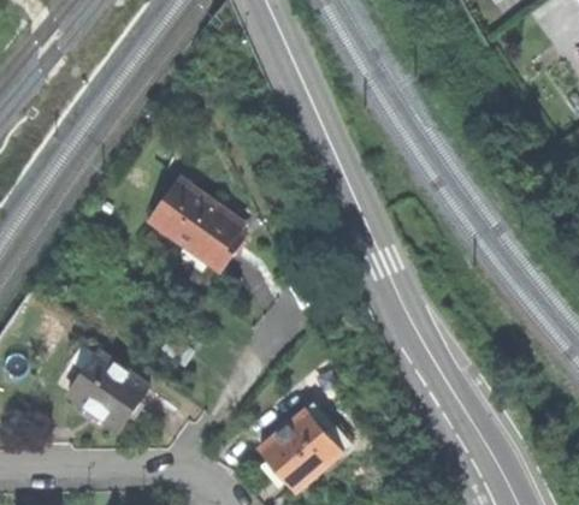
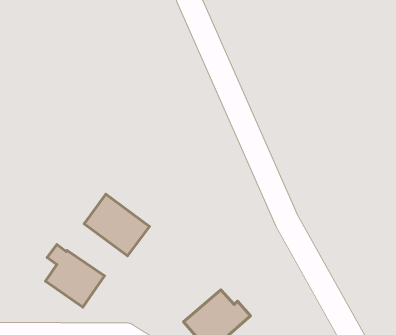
building: [152,180,242,266] -> [84,194,149,256]

